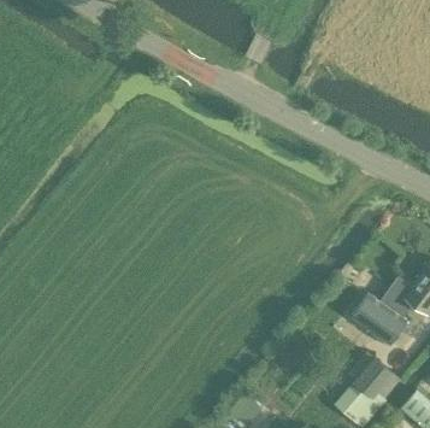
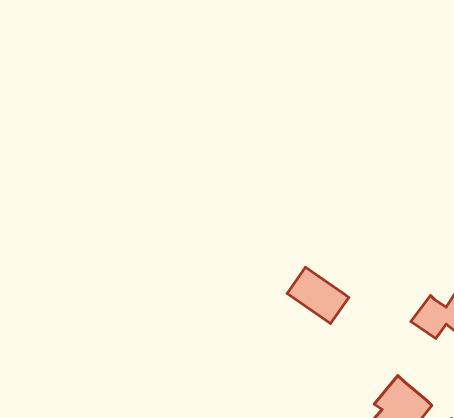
building: [352,291,408,342] -> [287,267,349,324]

